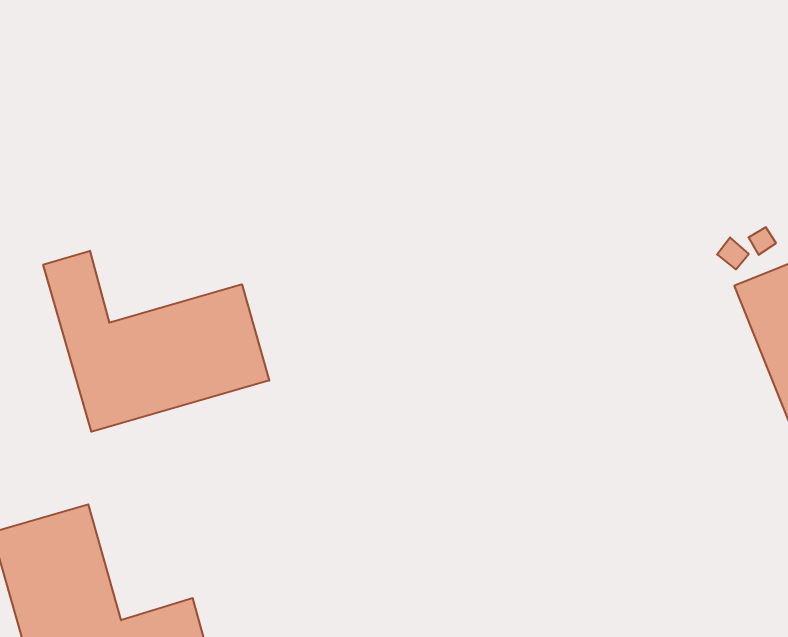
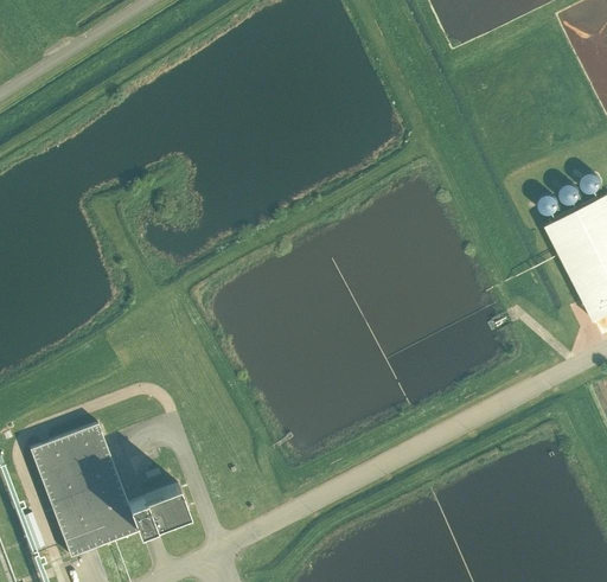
building: [43,251,269,432] -> none

